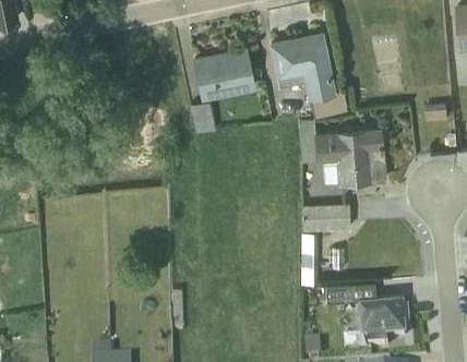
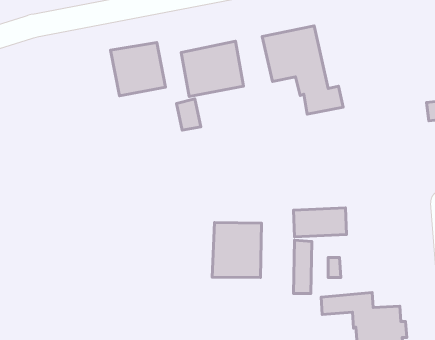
building: none -> [110,43,166,96]
building: [299,114,385,181] -> none
building: none -> [212,222,262,278]

